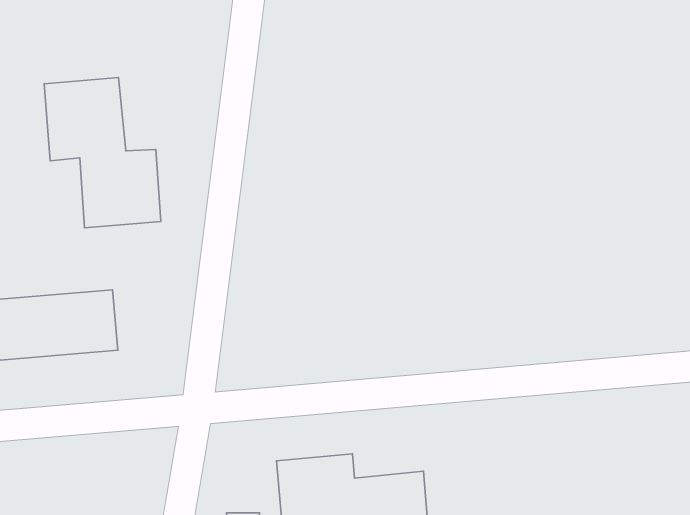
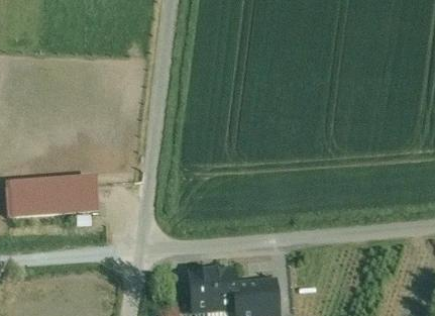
building: [44,78,161,228] -> none

